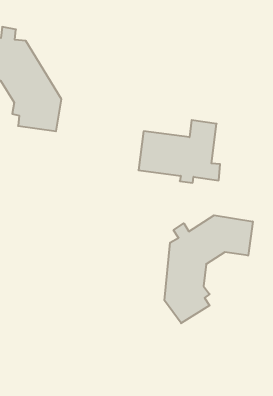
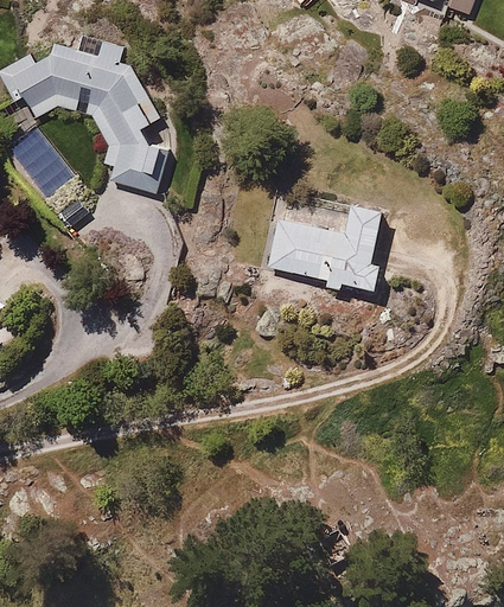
building: [164,215,253,323] -> none

